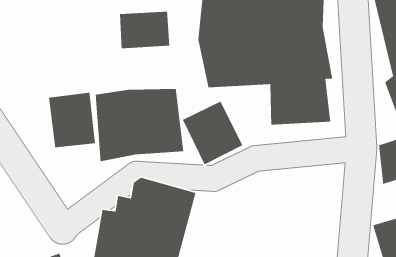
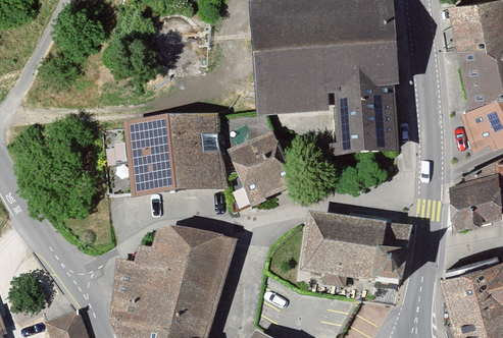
building: [119,11,170,49] -> none
building: [48,92,96,148] -> none
building: none -> [304,208,414,279]

